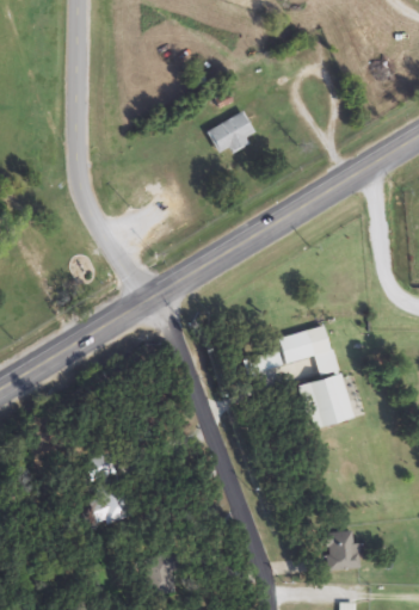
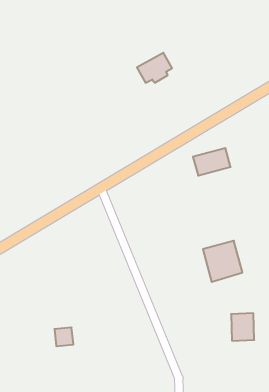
building: [278,325,331,363] -> [193,148,231,176]
building: [326,531,358,569] -> [231,313,254,341]

